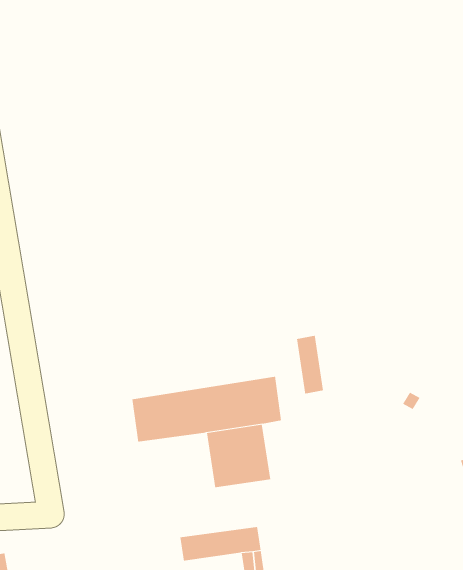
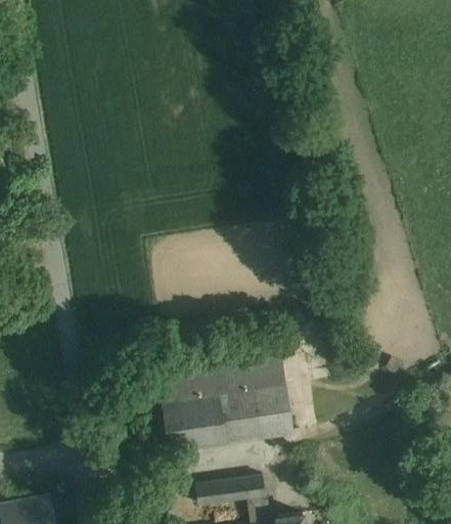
building: [296,335,324,394] -> [270,385,294,435]
building: none -> [164,395,229,450]

